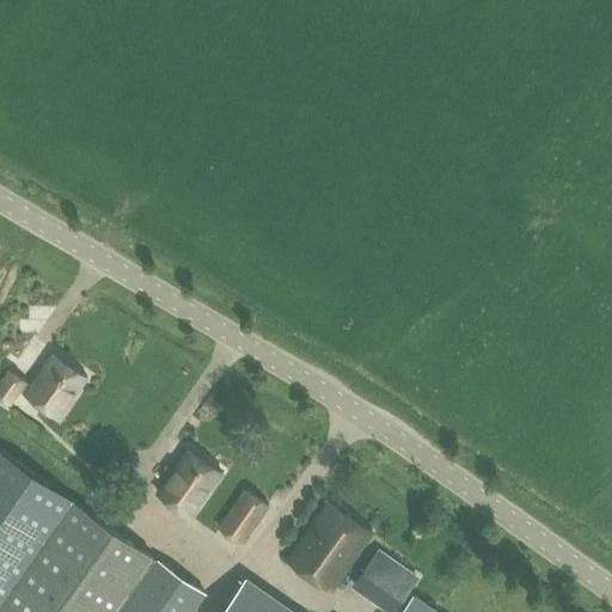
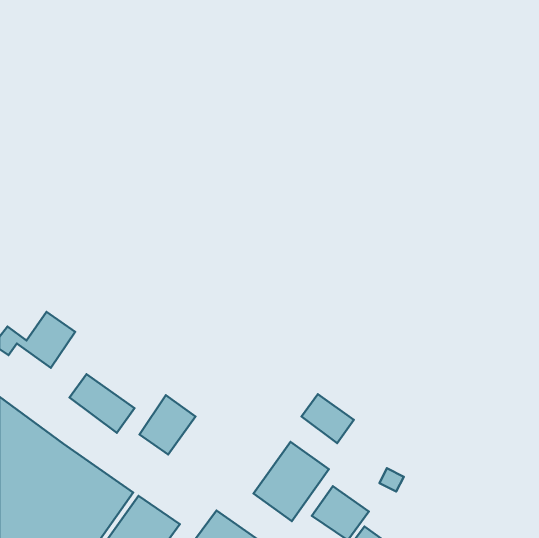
building: none -> [69,374,134,433]
building: none -> [302,394,354,443]
building: [216,489,265,545] -> none

